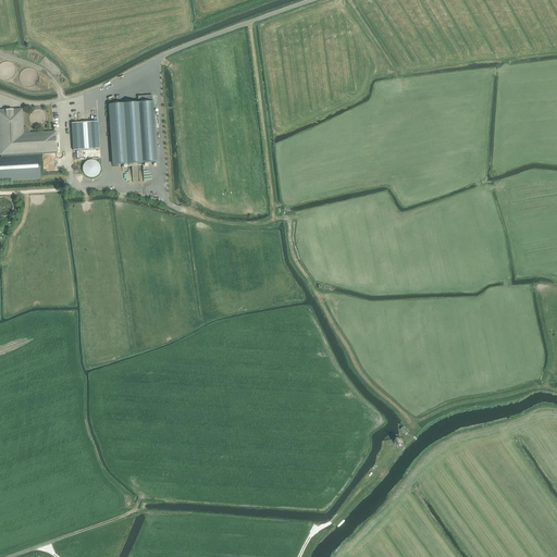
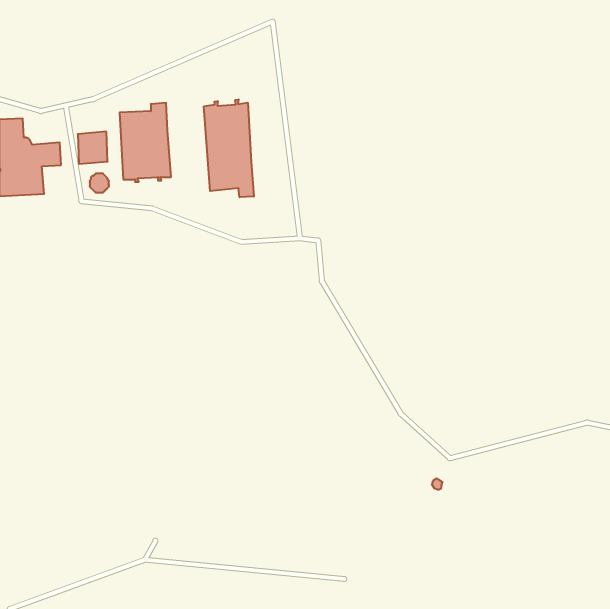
building: none -> [204,99,254,197]

